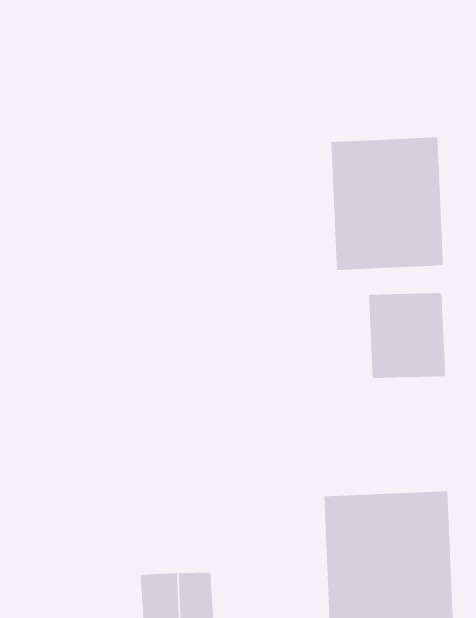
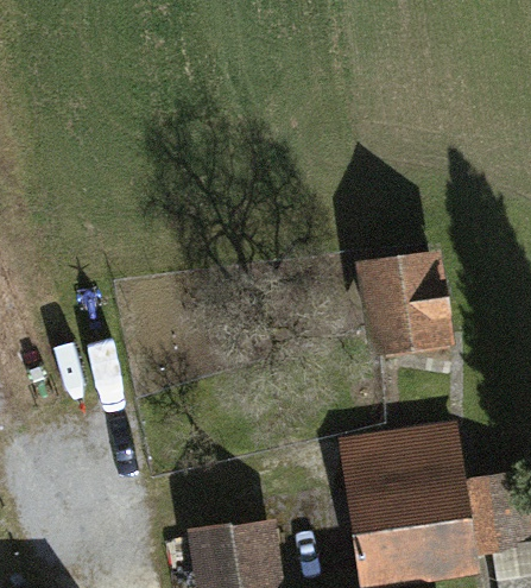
building: [331,137,444,271] -> none

